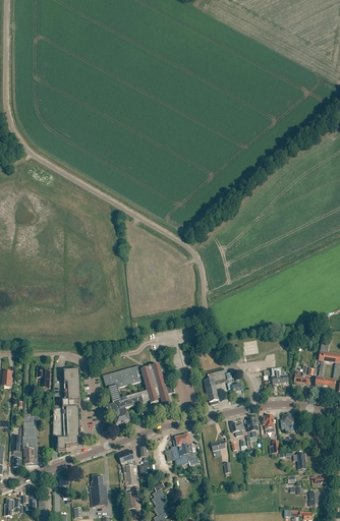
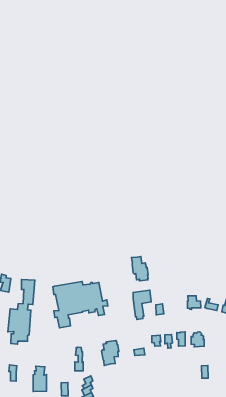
building: none -> [131,256,148,281]
building: [119,450,138,488] -> none

